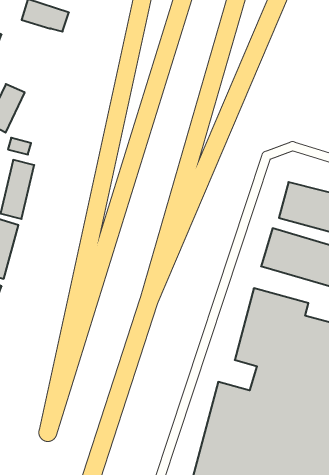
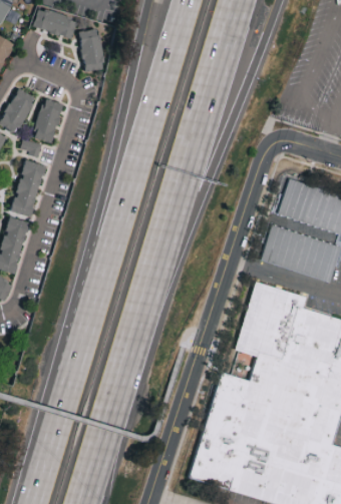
building: none -> [80,29,102,70]
building: none -> [33,98,62,143]

